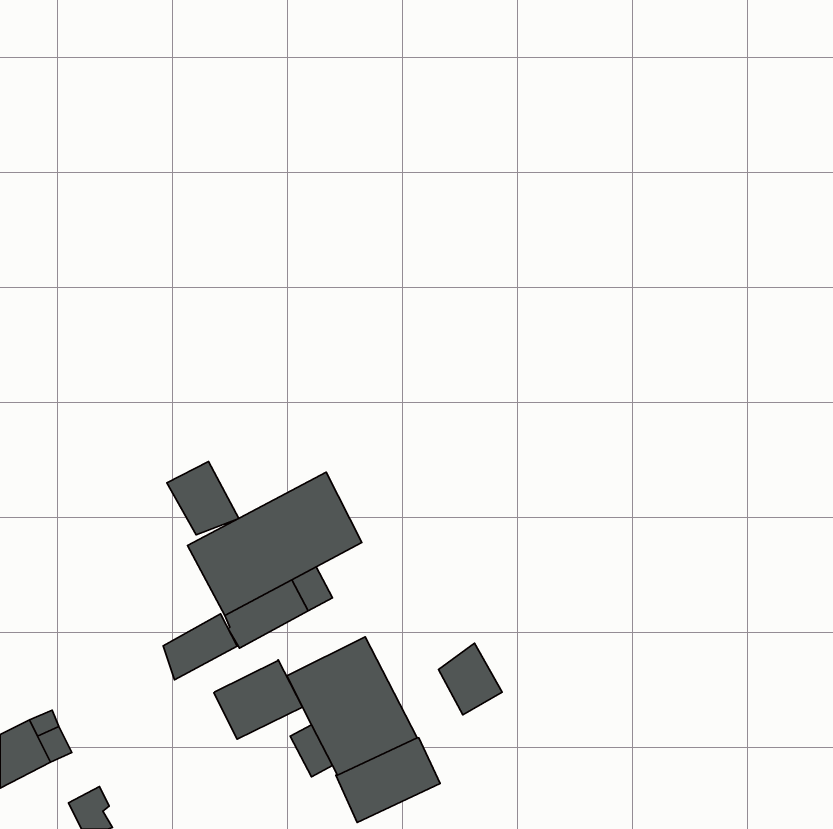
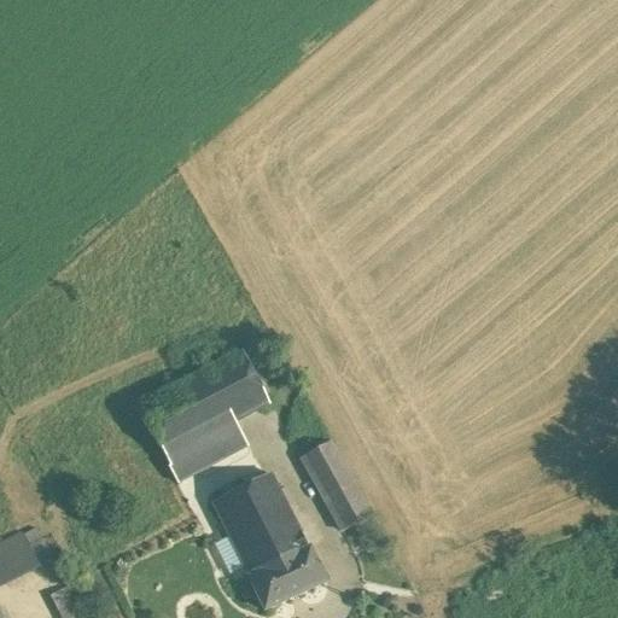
building: [167,461,239,535] -> none
building: none -> [302,439,351,496]
building: [163,614,237,680] -> none
building: [214,660,303,739] -> none

